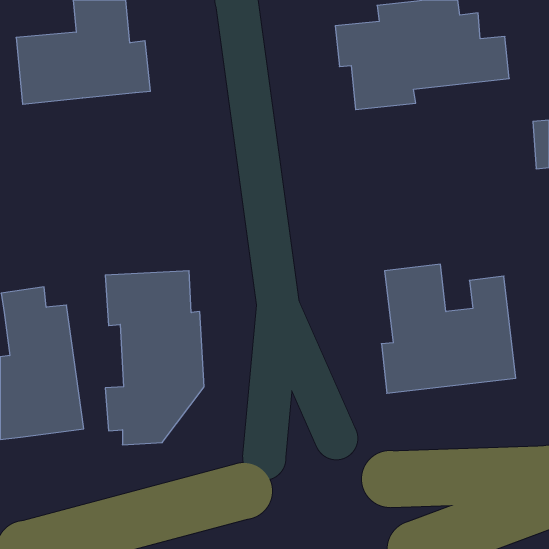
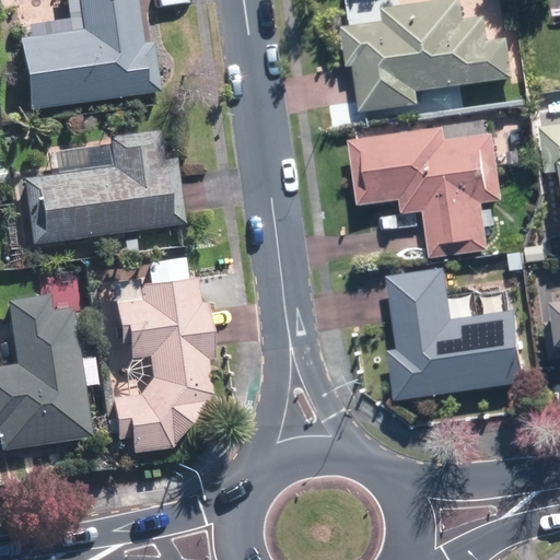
building: none -> [351,127,502,257]
building: none -> [16,128,178,244]

